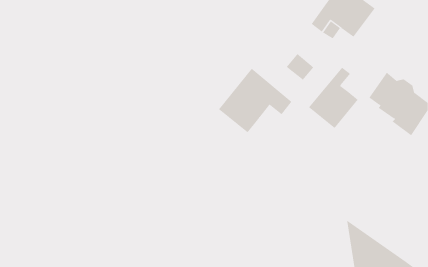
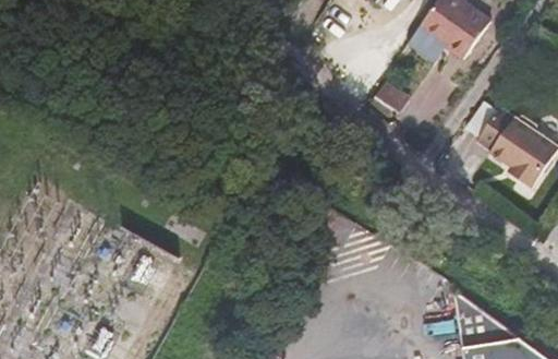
building: [308,67,359,129] -> none
building: [218,68,292,133] -> none

